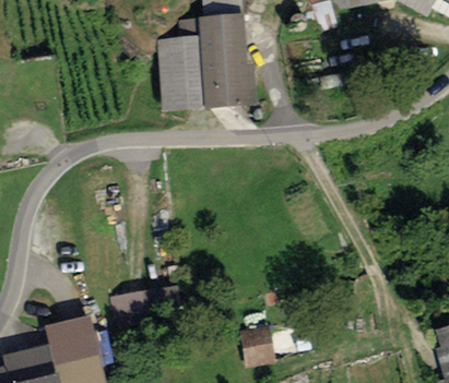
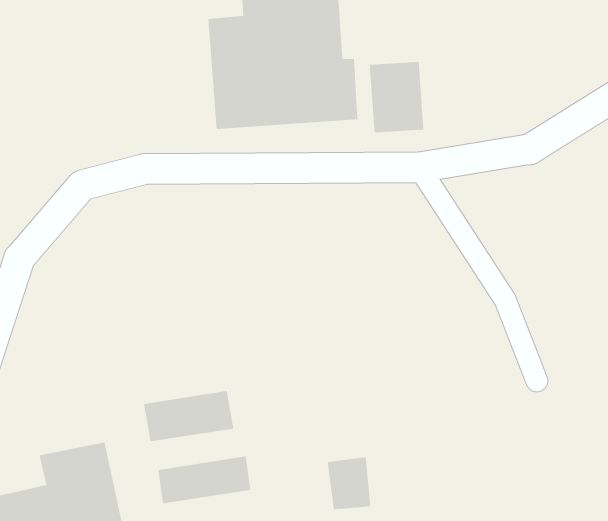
building: none -> [369,61,424,133]
building: none -> [158,456,251,504]

